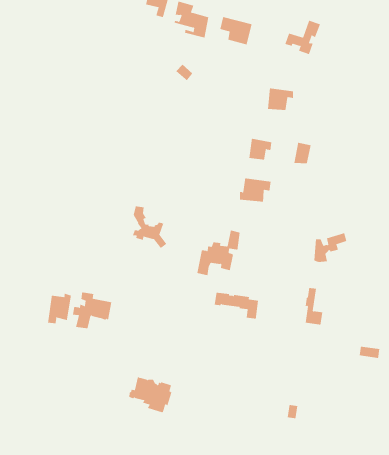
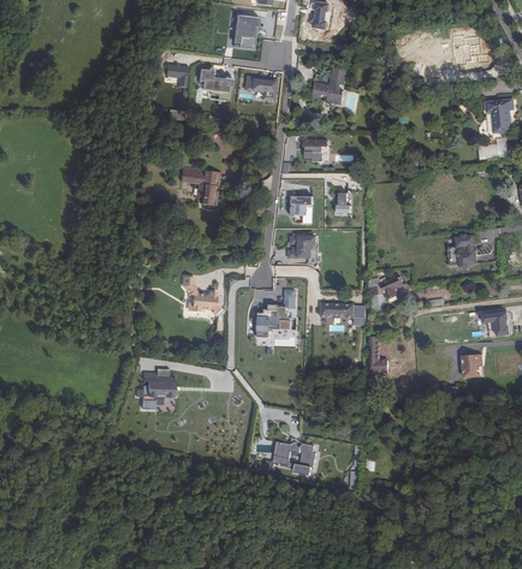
building: none -> [179,166,219,205]
building: [214,292,259,319] -> [320,303,364,325]
building: [48,293,72,324] -> none
building: [128,377,172,413] -> [273,441,316,474]

